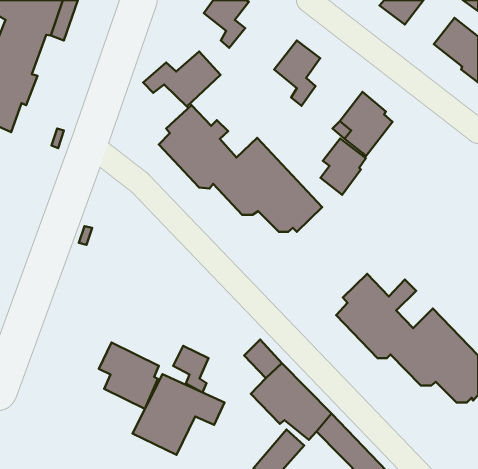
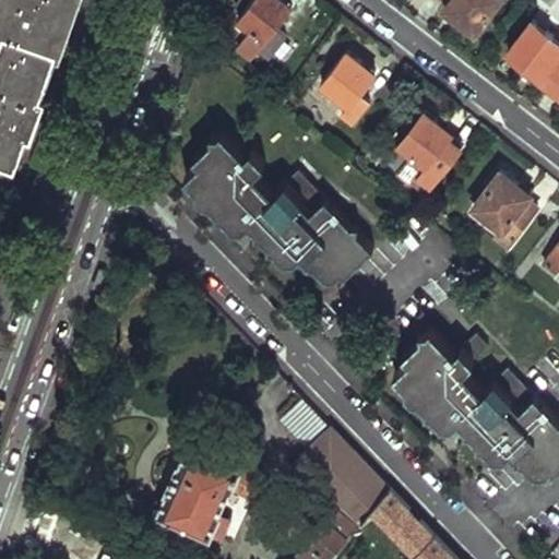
building: [143,52,221,106] -> none
building: [320,138,366,195] -> none
building: none -> [472,181,534,252]
building: [99,343,159,409] -> none
building: [173,346,209,392] -> none

